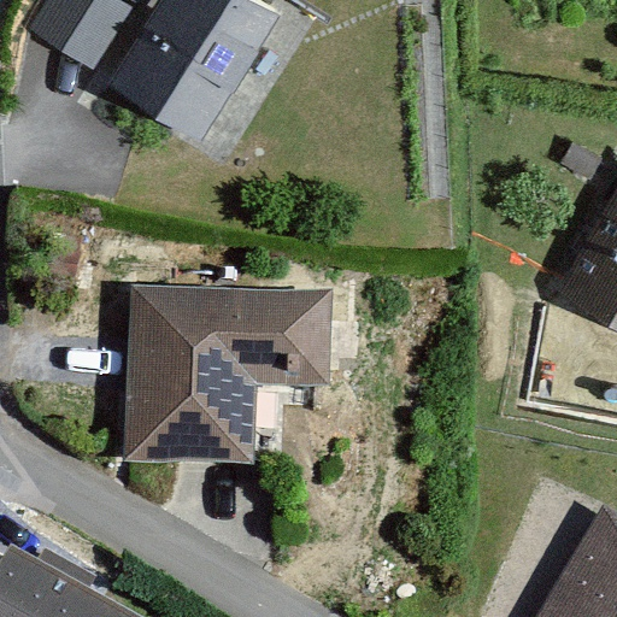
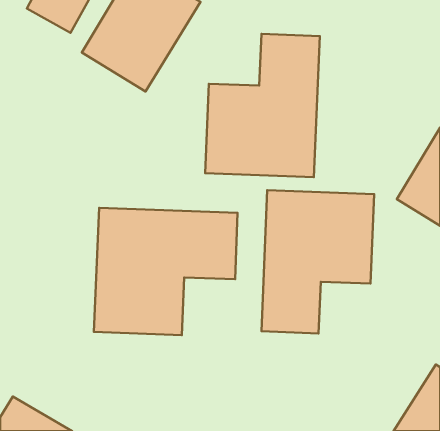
building: none -> [205,34,320,177]
building: none -> [262,190,374,333]

